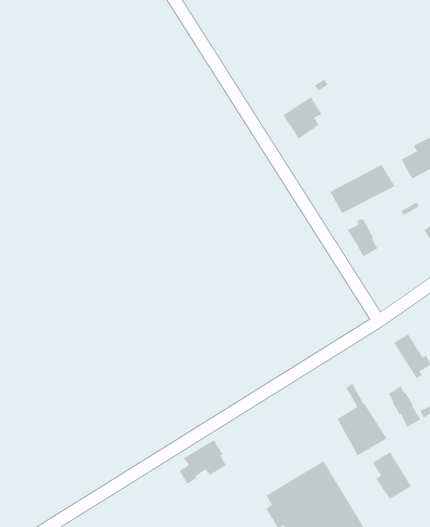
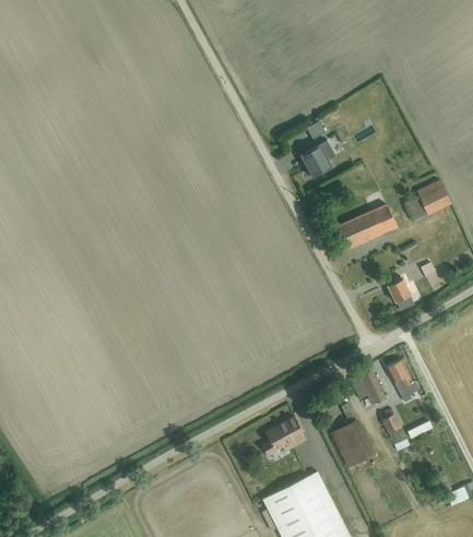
building: [347,218,378,257] -> [387,276,414,311]
building: none -> [350,367,386,406]
building: [179,440,227,485] -> [261,417,305,456]
building: [372,451,412,500] -> none

